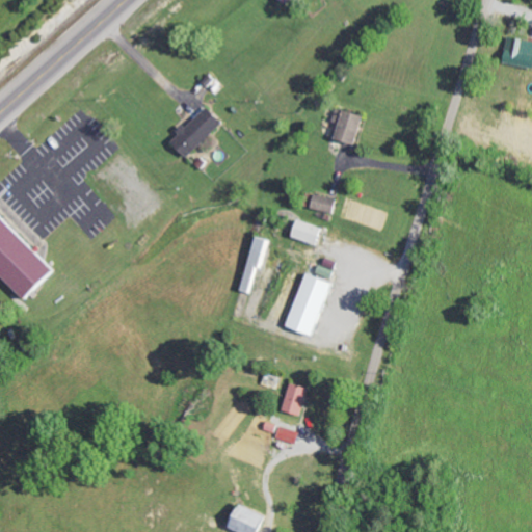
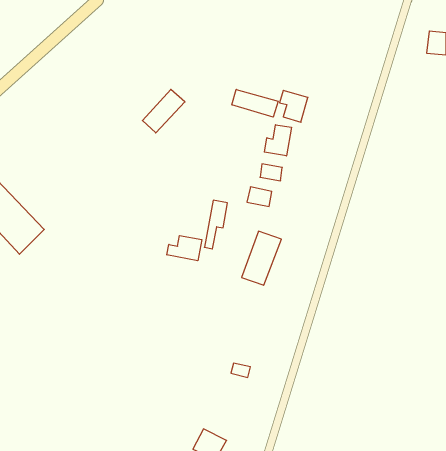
building: none -> [232,89,278,117]
building: none -> [264,125,291,156]
building: none -> [167,236,202,261]
building: [281,384,304,416] -> none

